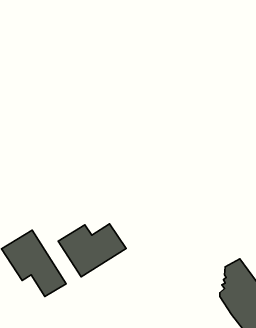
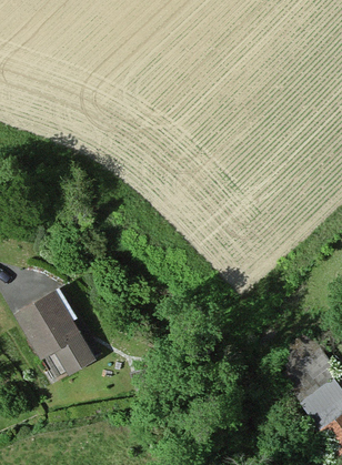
building: [58,224,126,277] -> none

